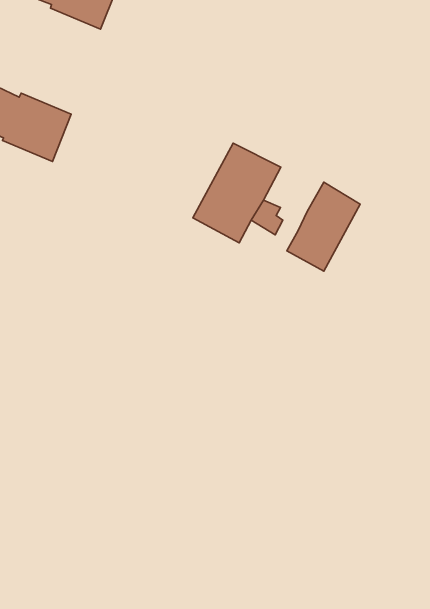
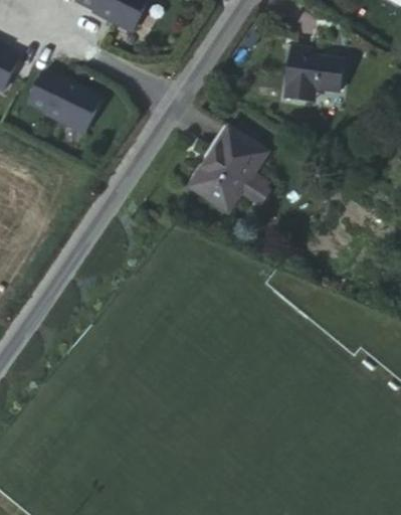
building: none -> [284,47,341,100]
building: [287,182,360,271] -> none

